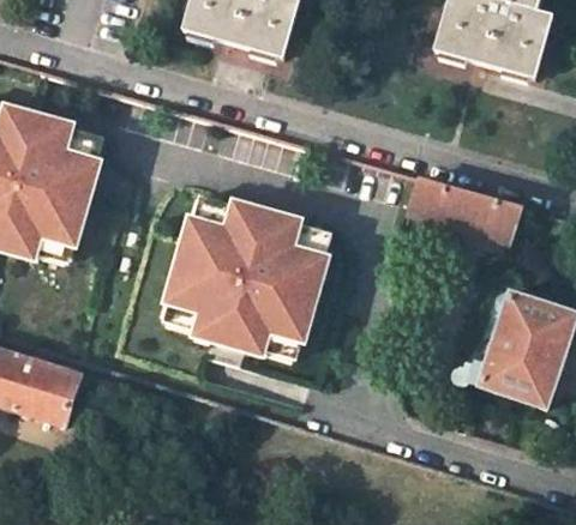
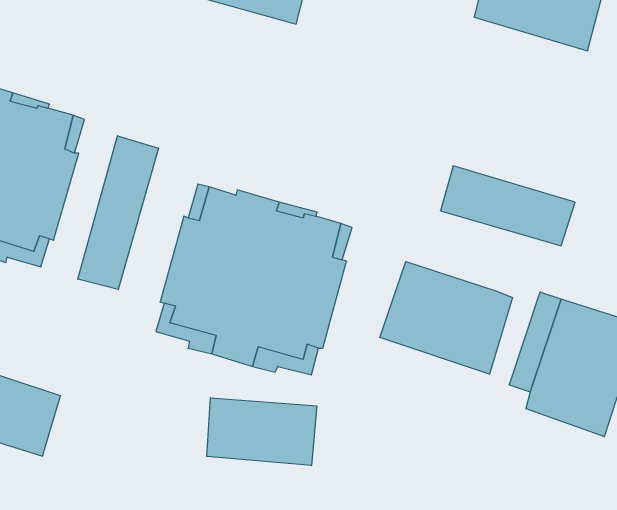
building: none -> [78,136,159,289]
building: none -> [380,262,513,374]
building: none -> [207,398,317,466]

